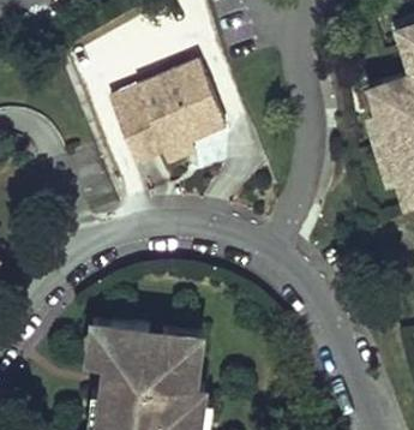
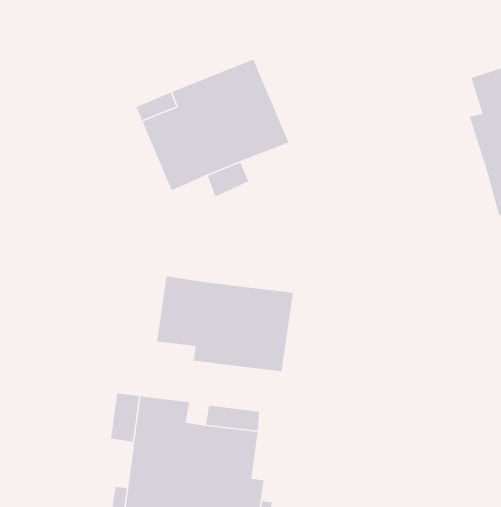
building: none -> [156,276,294,372]

